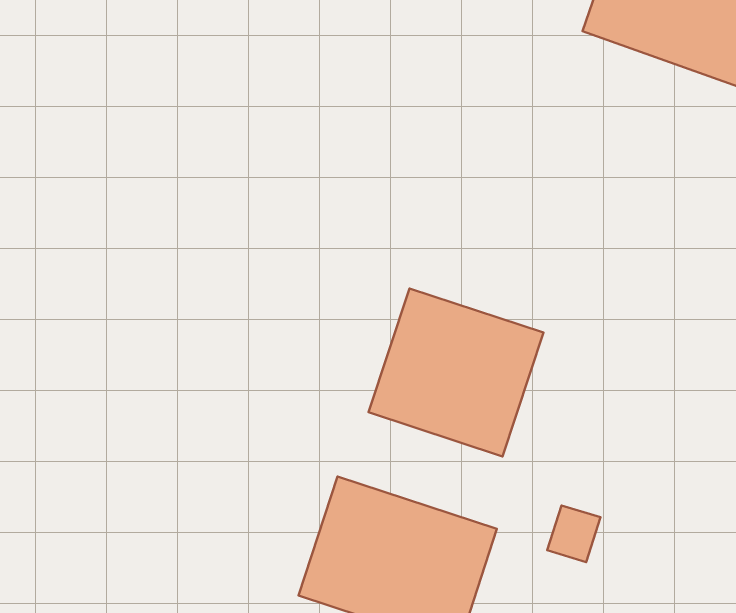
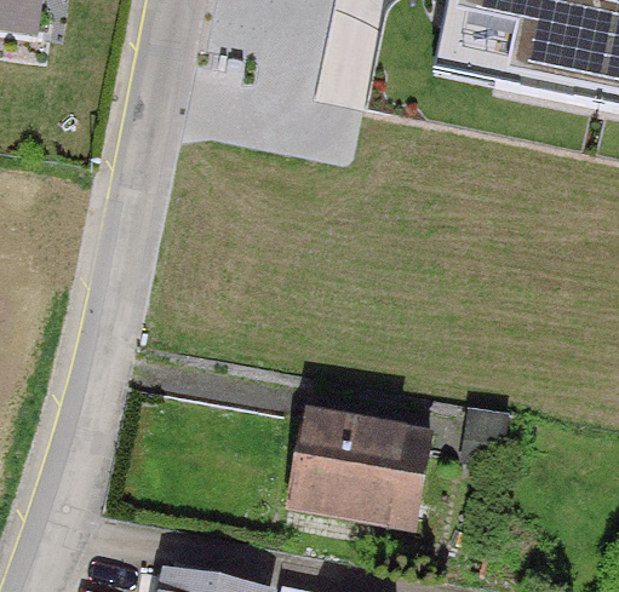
building: [368,288,544,456] -> none

